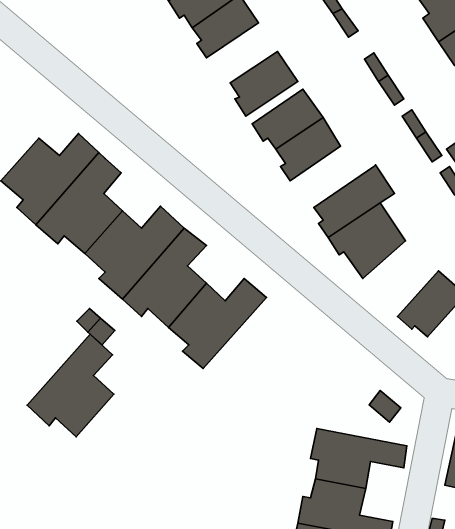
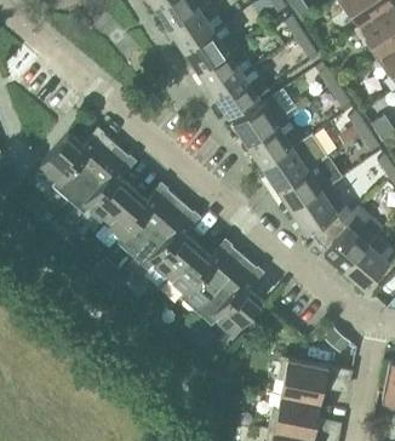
building: none -> [198,45,252,91]
building: none -> [262,133,326,187]
building: none -> [317,206,382,270]
building: [27,334,114,437] -> [195,256,262,334]

